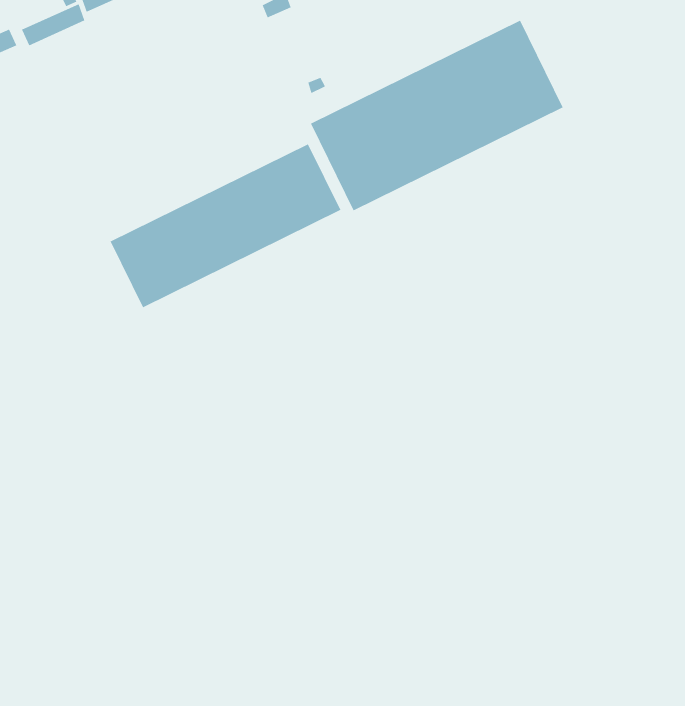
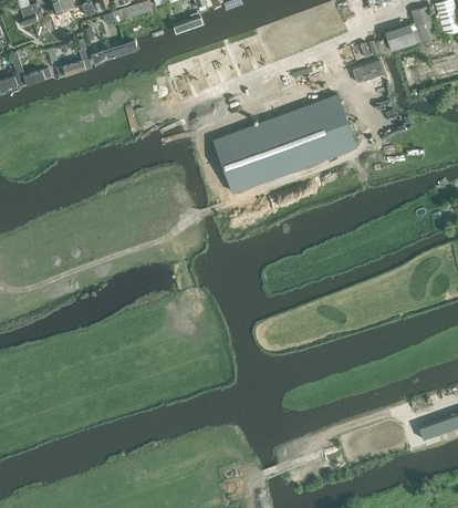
building: [110,143,341,308] -> none

